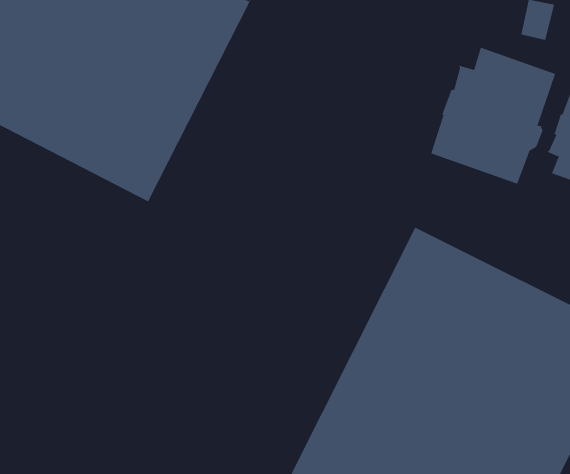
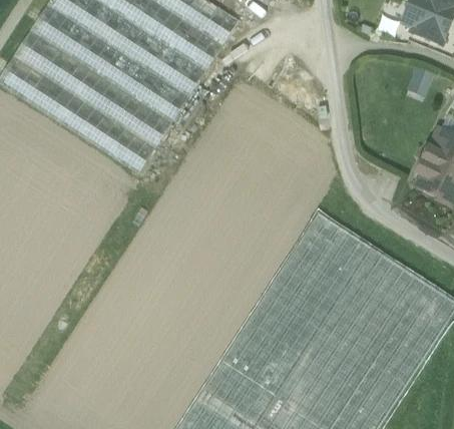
building: [431,47,556,185] -> none

